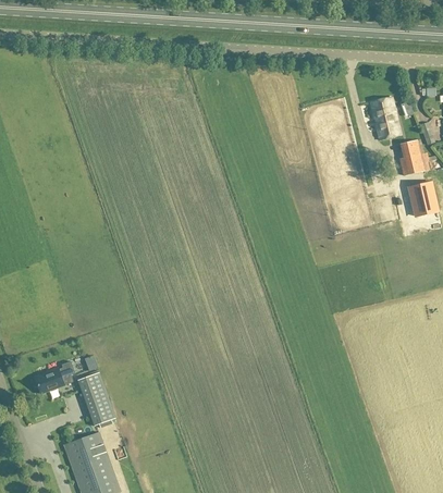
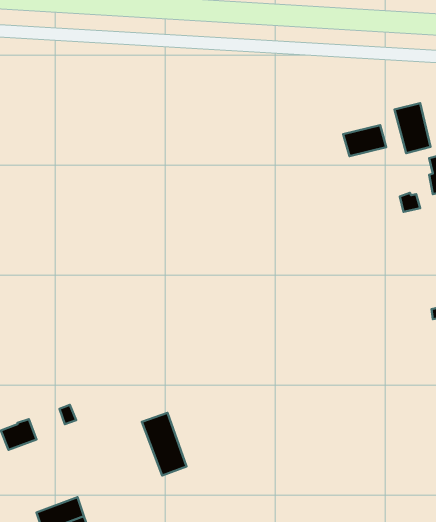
building: none -> [343,125,386,156]
building: [76,371,114,424] -> [142,413,187,476]

